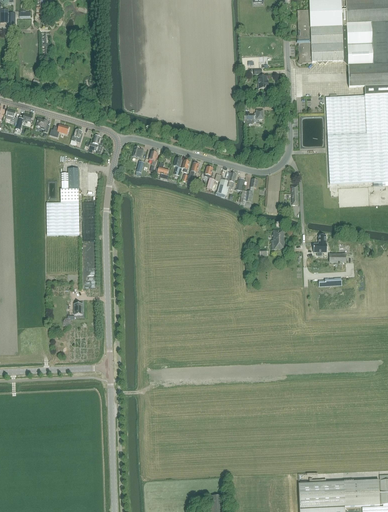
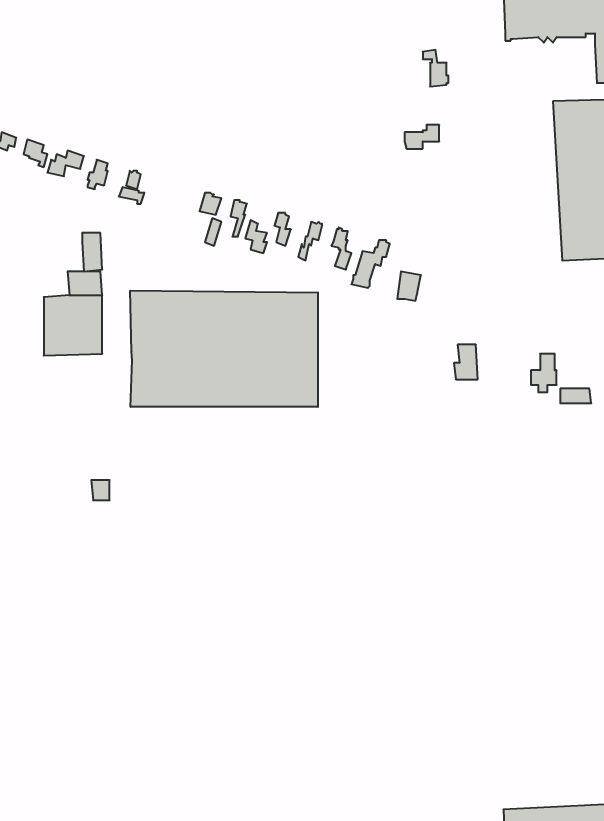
building: none -> [130,291,318,407]

